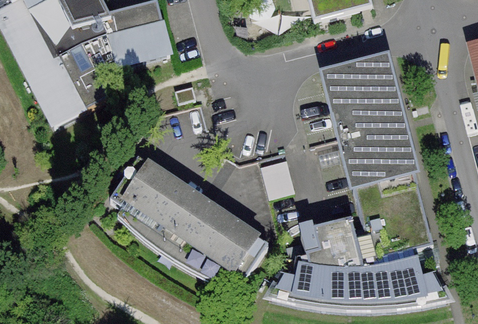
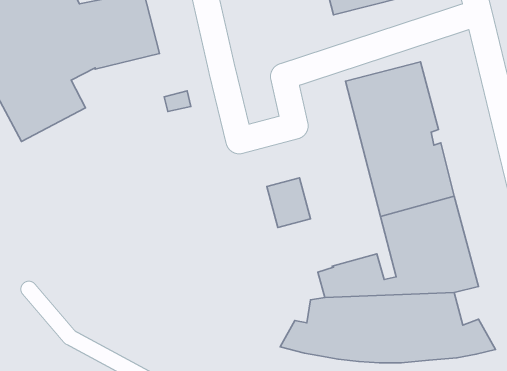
building: [110,153,269,283] -> none

